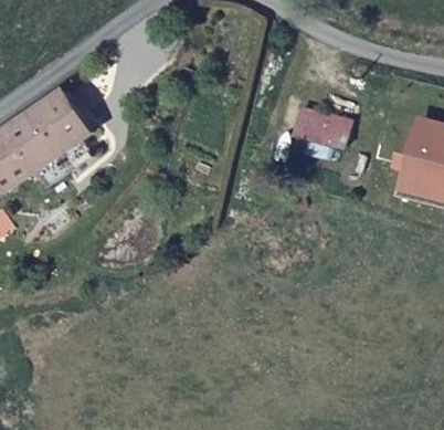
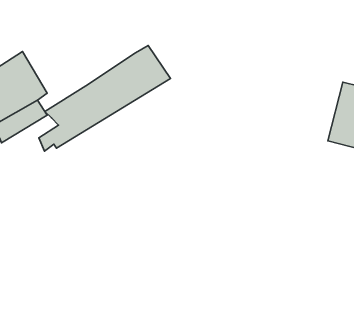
building: none -> [39,46,171,151]
building: [295,105,348,146] -> none

